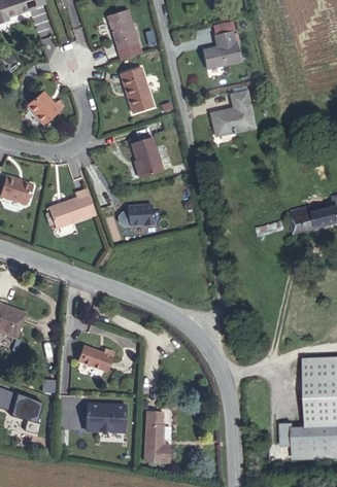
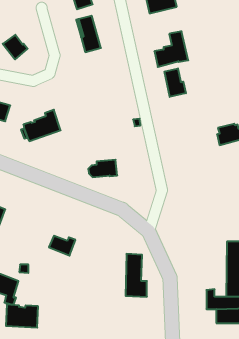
building: none -> [164,68,186,97]
building: [125,140,157,181] -> none
building: [119,204,155,225] -> [88,160,117,177]
building: [87,403,127,431] -> [6,305,38,328]
building: [147,411,174,464] -> [126,254,147,297]

